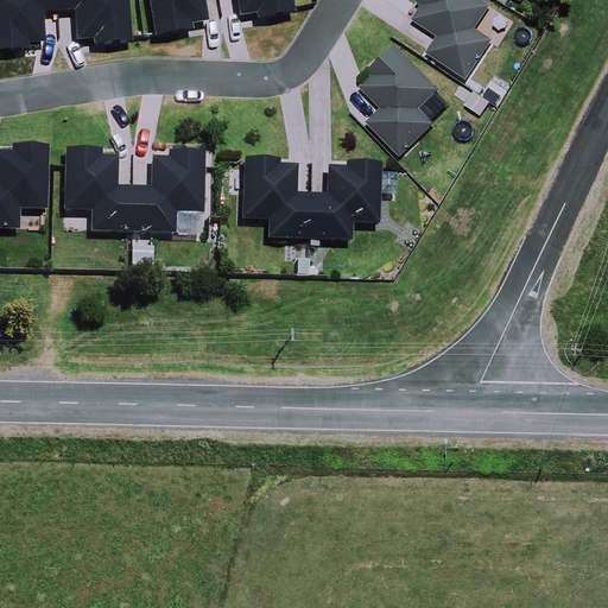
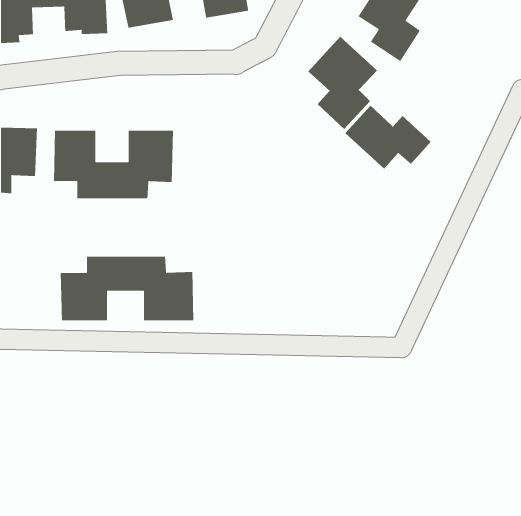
building: none -> [344,105,432,170]
building: [242,160,378,241] -> none
building: none -> [60,256,194,321]

